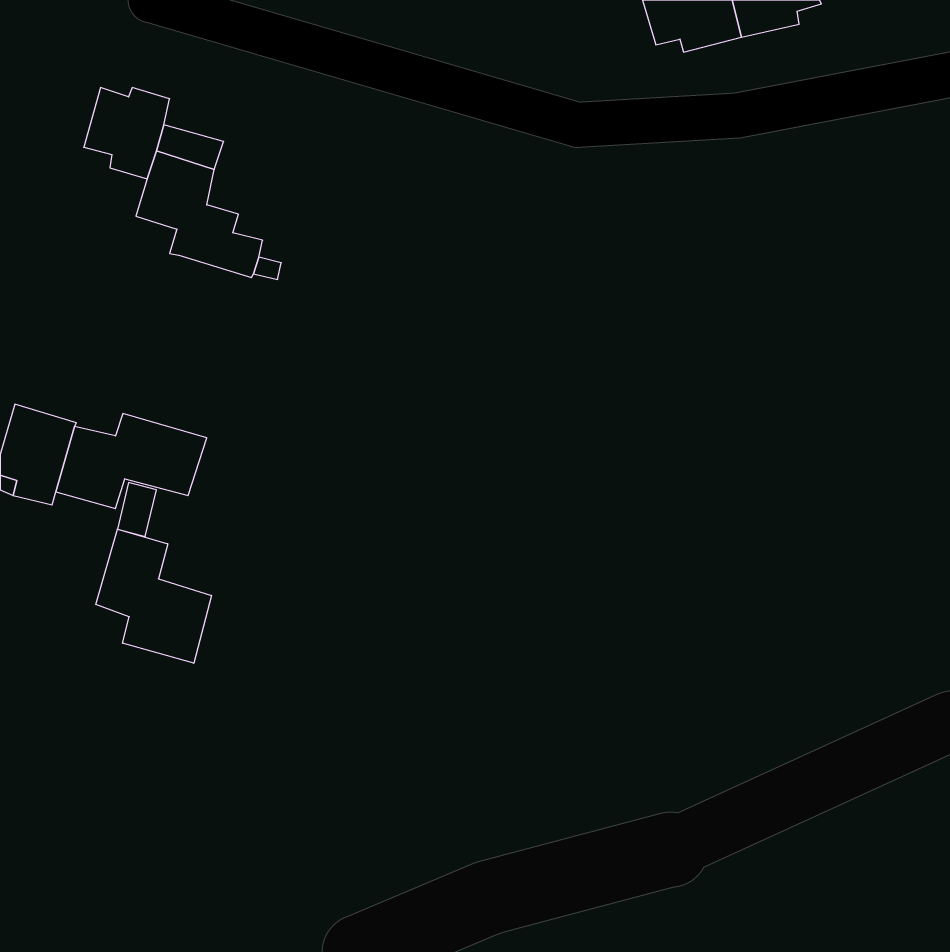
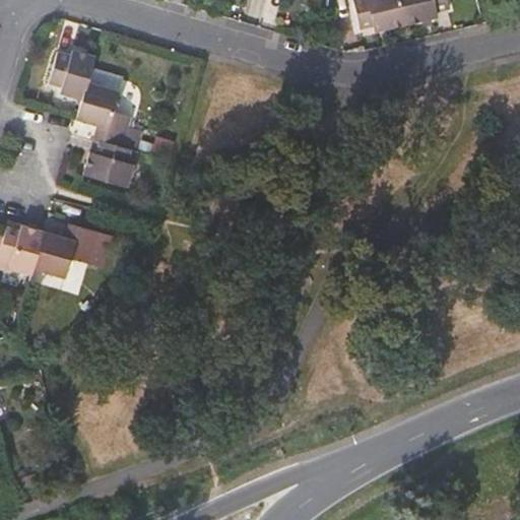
building: none -> [84,139,138,182]
building: [96,529,211,663] -> none

